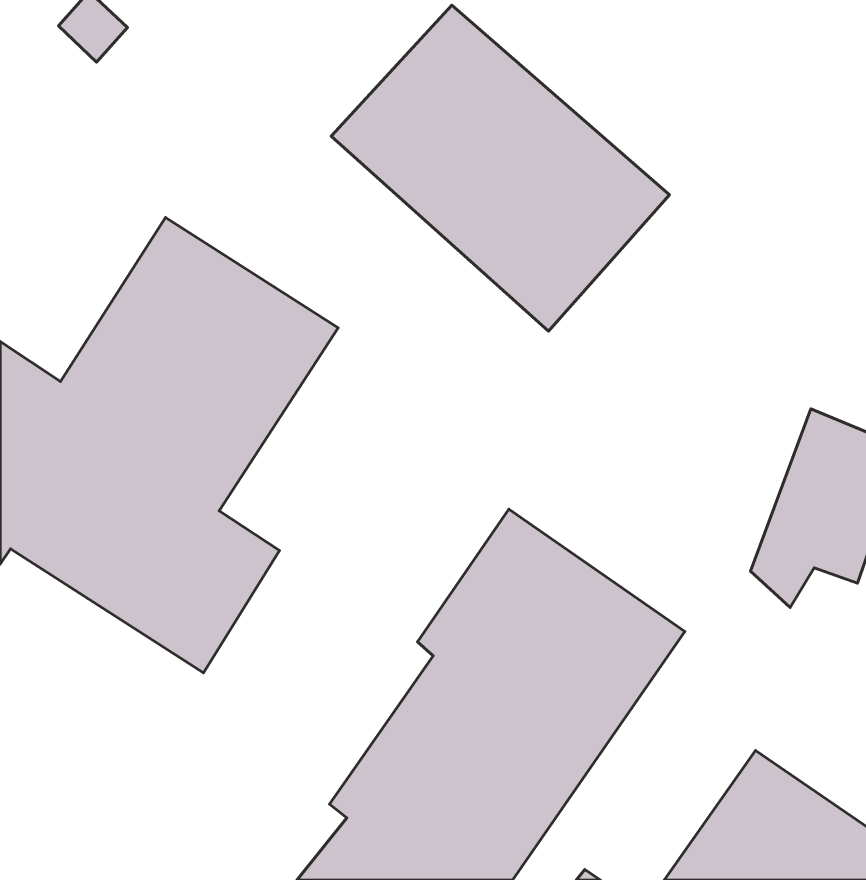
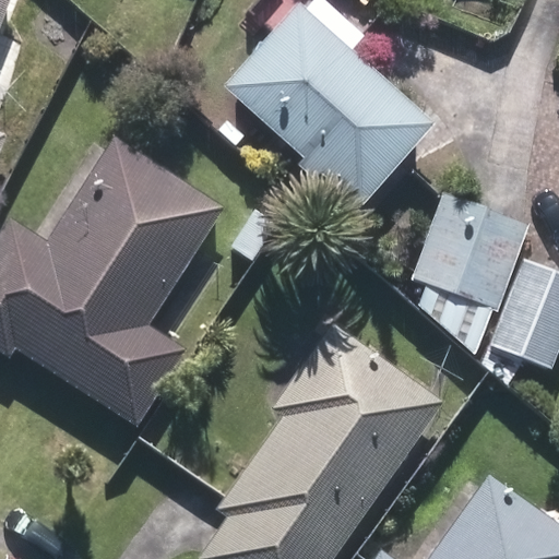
building: none -> [409,194,528,312]

